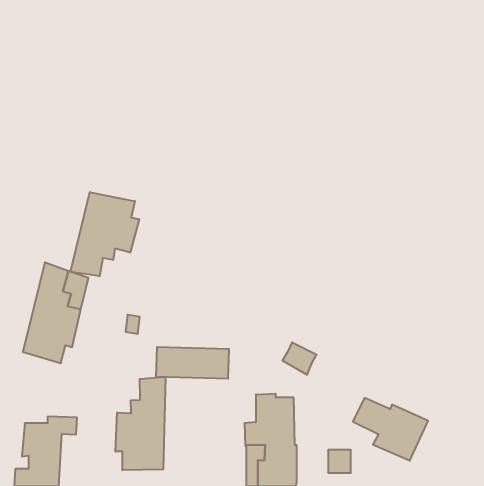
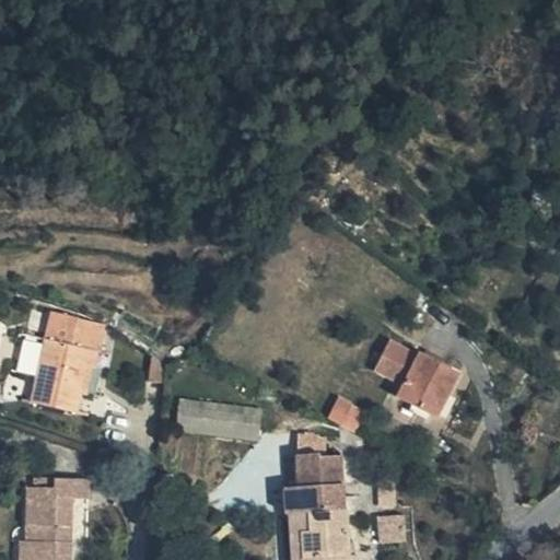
building: [71,192,139,276] -> none
building: [116,377,166,470] -> none
building: [353,398,428,461] -> [371,342,457,415]

